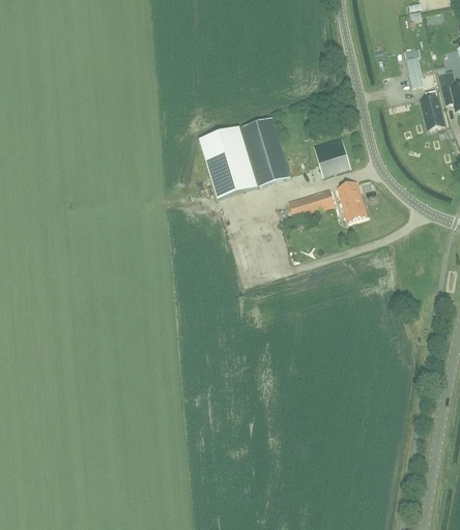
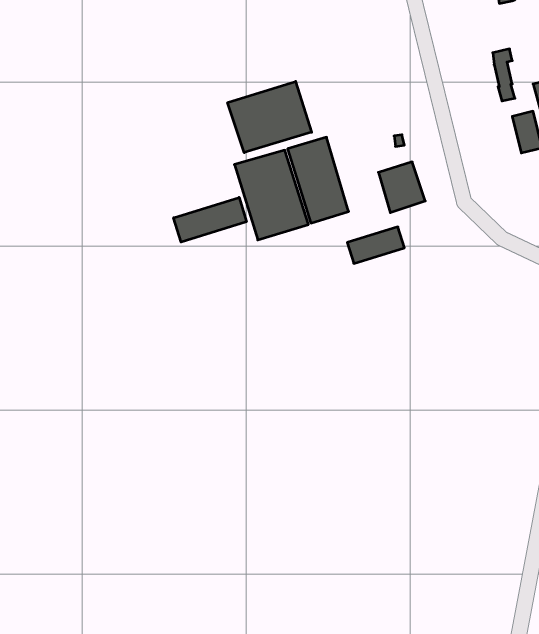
building: none -> [228,81,312,153]
building: none -> [174,197,246,242]
building: [337,179,367,218] -> none

